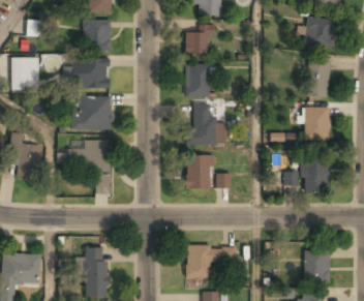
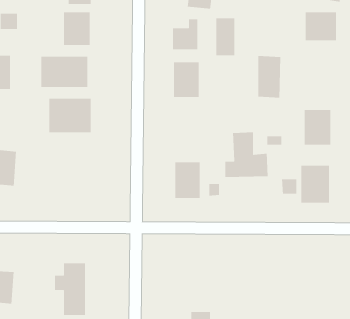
building: none -> [215,17,235,56]
building: [308,57,330,96] -> [257,55,281,98]
building: [186,102,226,145] -> [224,131,269,178]
building: [70,140,110,192] -> none
building: [186,246,234,279] -> none
building: [305,249,330,281] -> none

